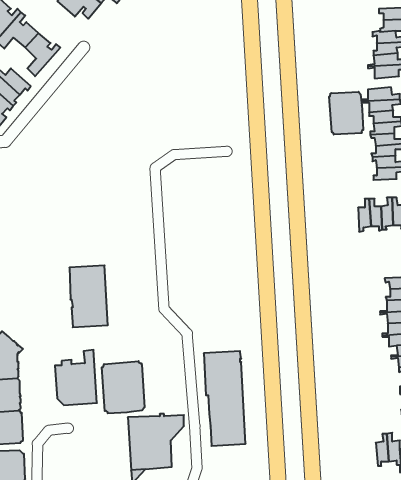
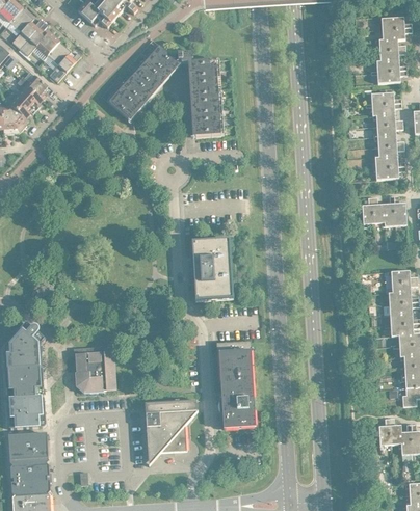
building: none -> [109,46,221,137]
building: [329,92,363,135] -> none
building: [69,265,108,327] -> [194,241,231,299]
building: [102,361,145,413] -> none

